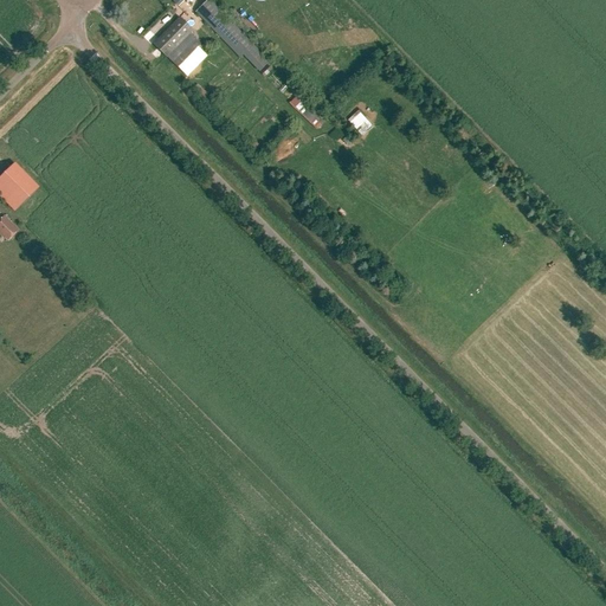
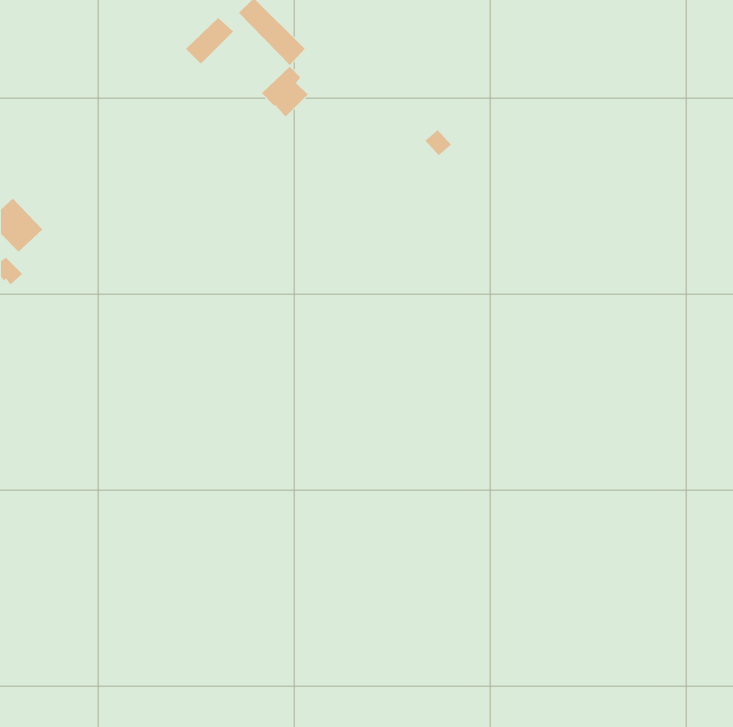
building: [167,31,206,73] -> [261,66,308,118]

